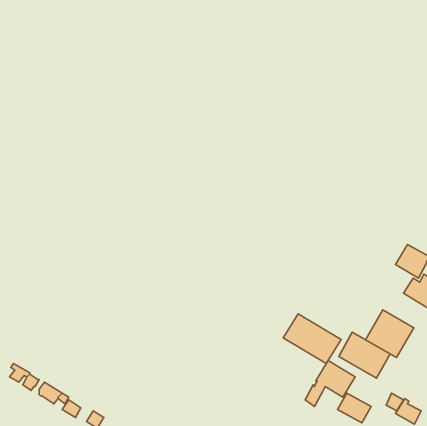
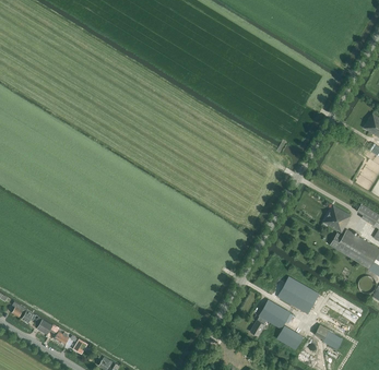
building: [365,310,414,358] -> none
building: [283,314,341,364] -> none

